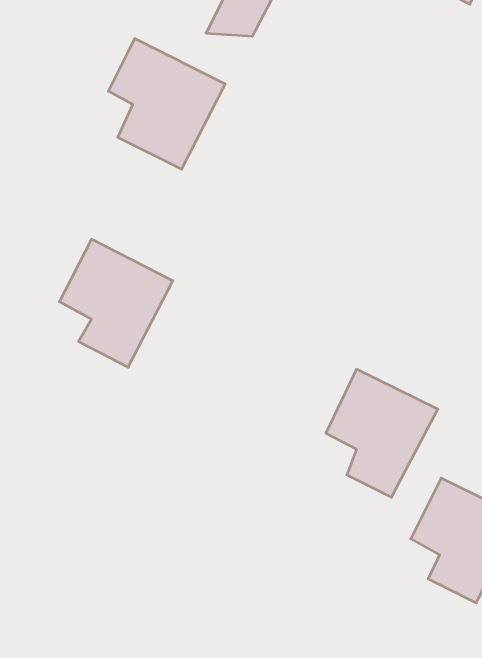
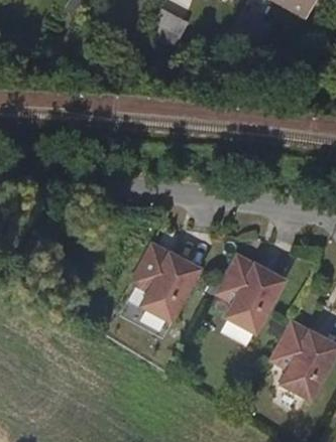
building: [108,39,225,169] -> none
building: [59,239,173,367] -> [131,243,203,323]

